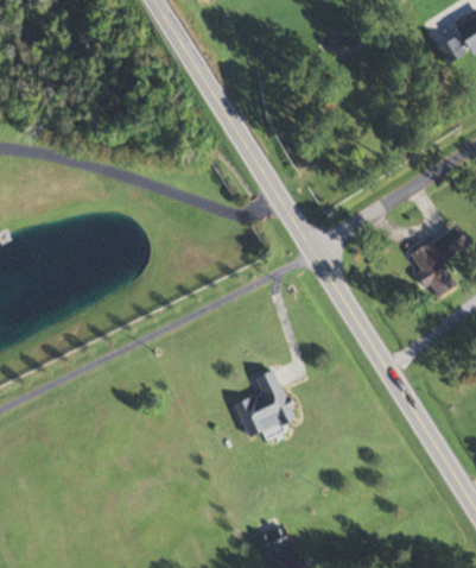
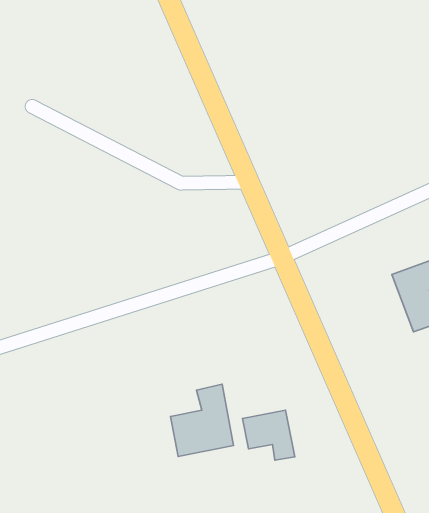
building: none -> [242,410,295,460]

